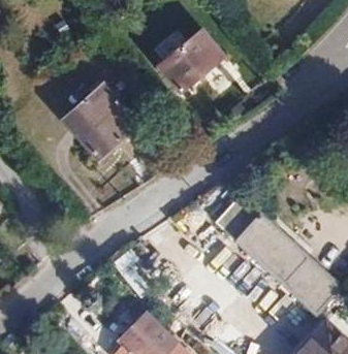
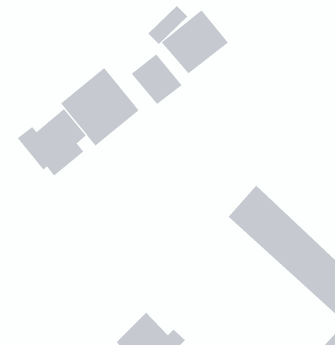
building: none -> [131,53,183,105]
building: none -> [17,108,86,176]

